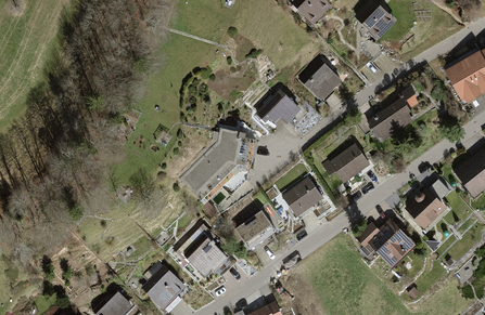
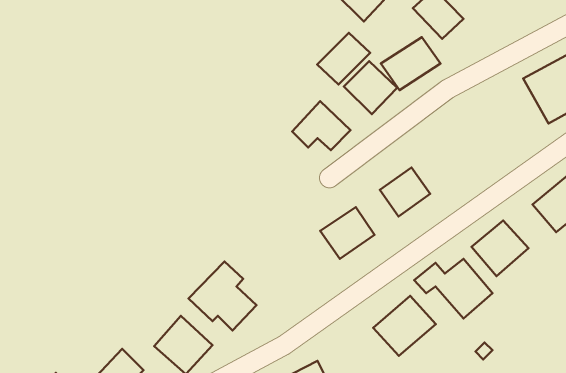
building: none -> [317,33,370,85]
building: [369,99,418,142] -> [381,37,441,90]
building: [181,128,250,196] -> none
building: [235,209,280,251] -> none
building: none -> [373,296,436,356]

